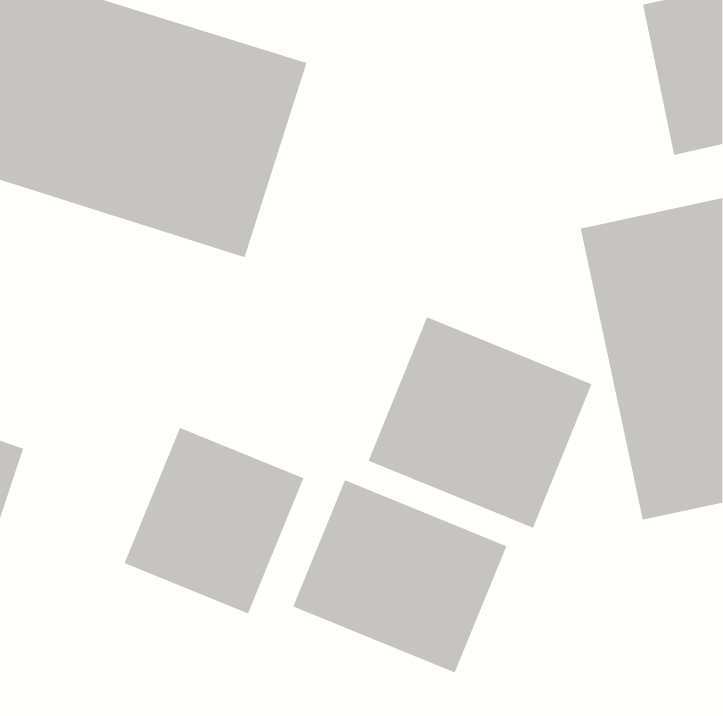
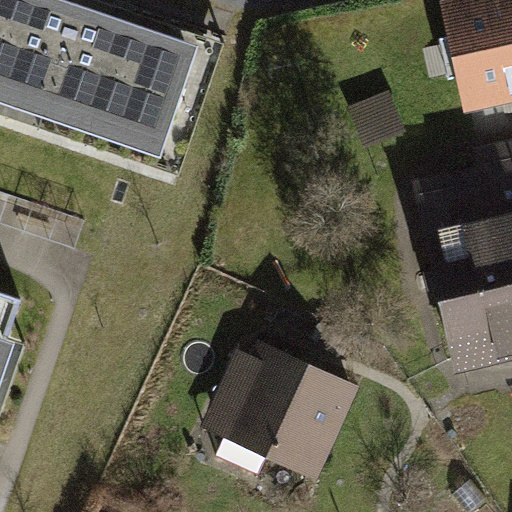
building: [368,316,592,529] -> none
building: [124,427,304,614] -> none

